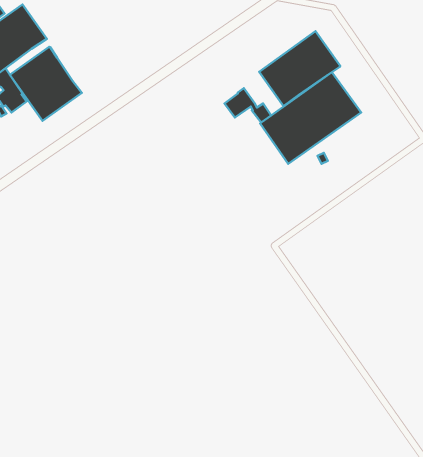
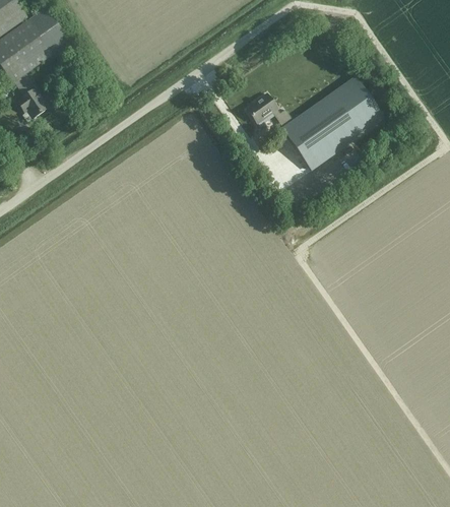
building: [259,31,340,106] -> none
building: [10,47,82,121] -> none

